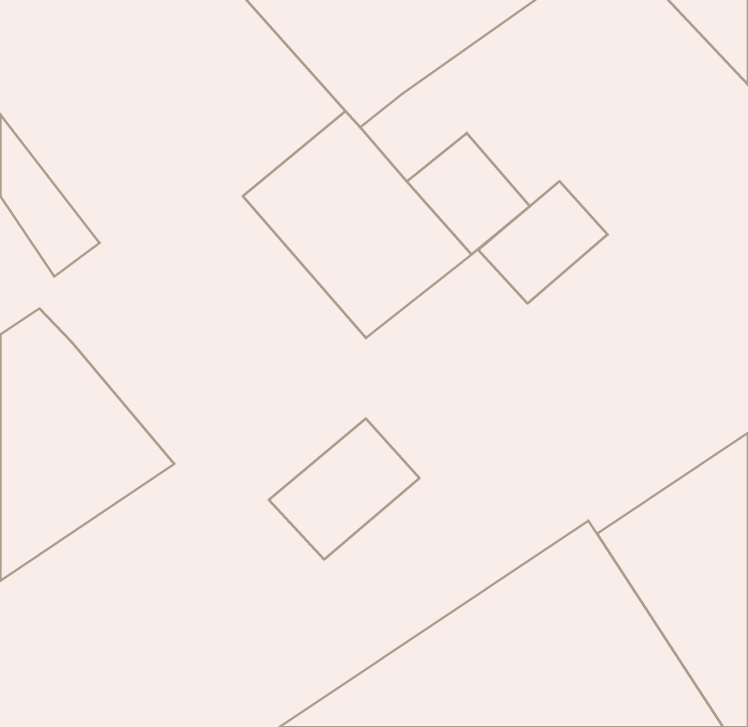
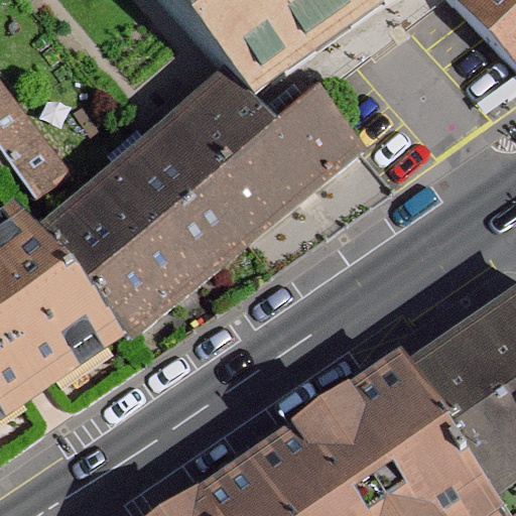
building: [478,181,608,303] -> none
building: none -> [49,135,252,332]
building: [269,419,419,559] -> none

